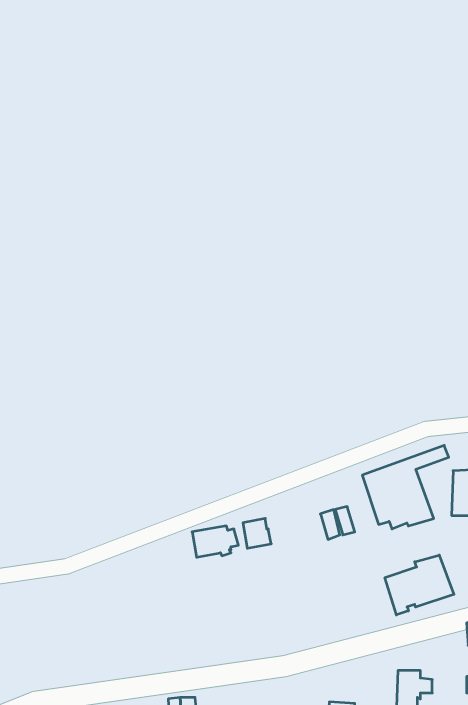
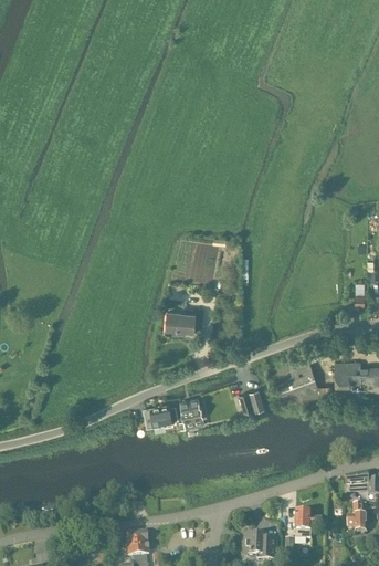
building: none -> [166,312,196,333]
building: [385,555,454,615] -> none

